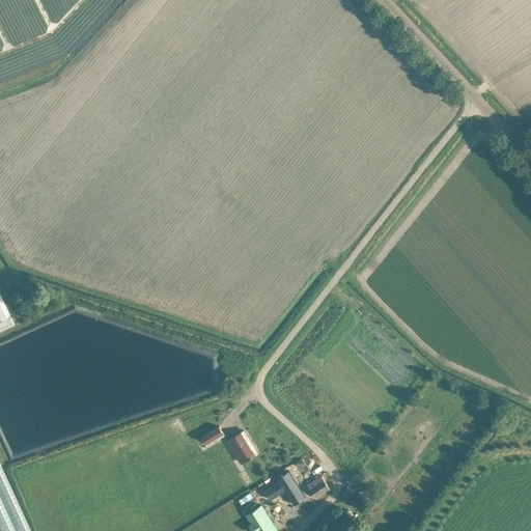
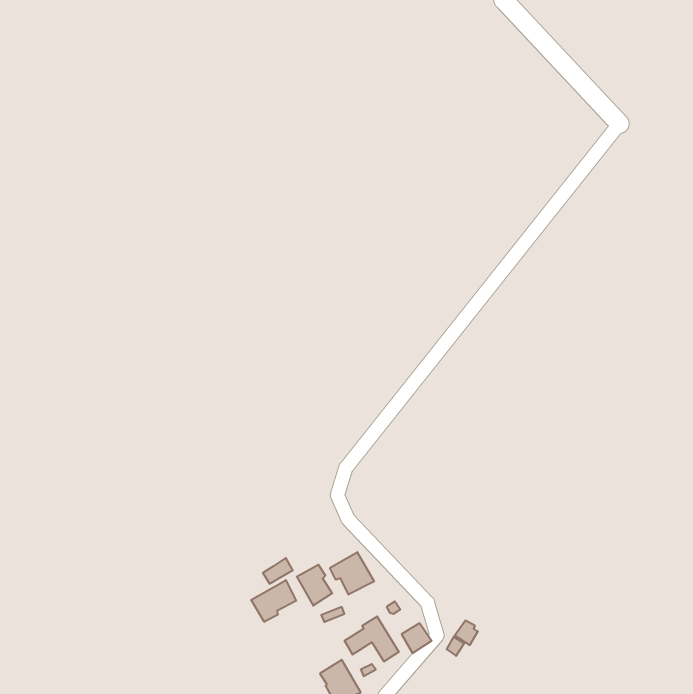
building: none -> [330,552,374,595]
building: none -> [251,580,296,622]

